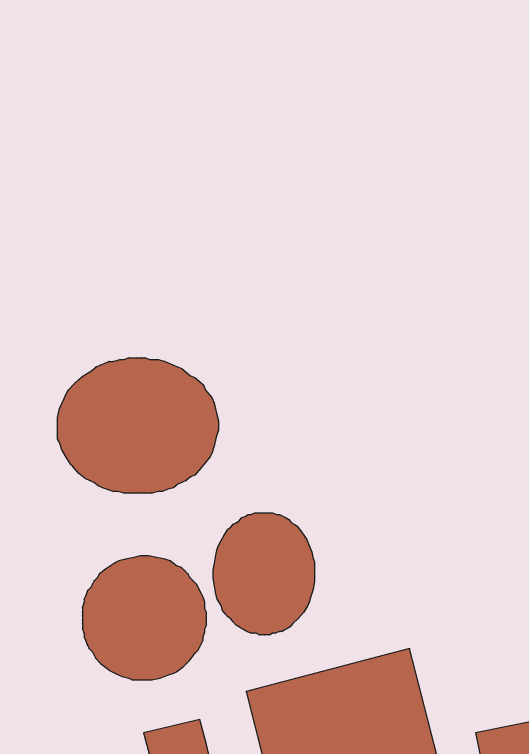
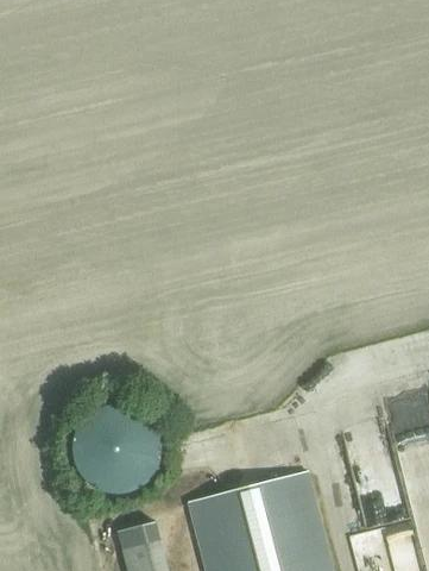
building: [58,358,218,493] -> none
building: [213,513,315,635] -> none

